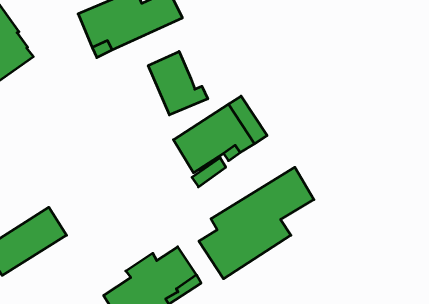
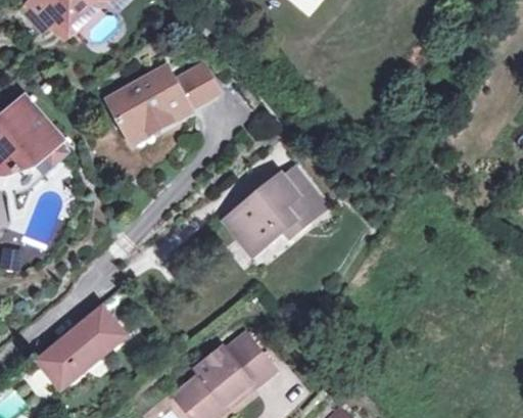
building: [148,51,208,115] -> none
building: [199,167,314,279] -> none

